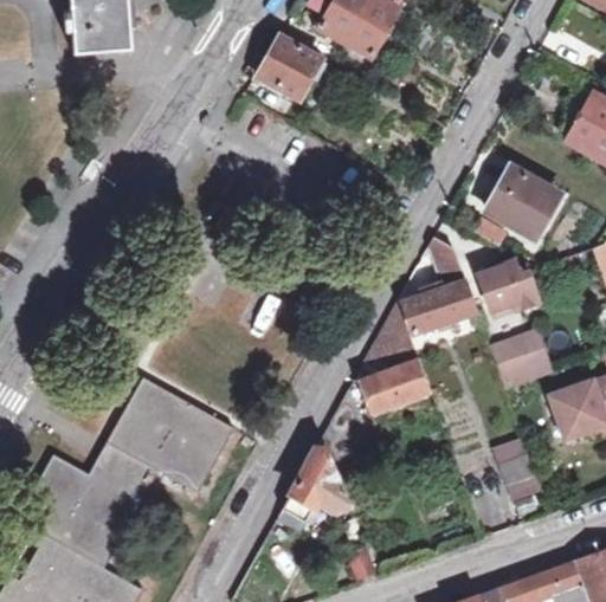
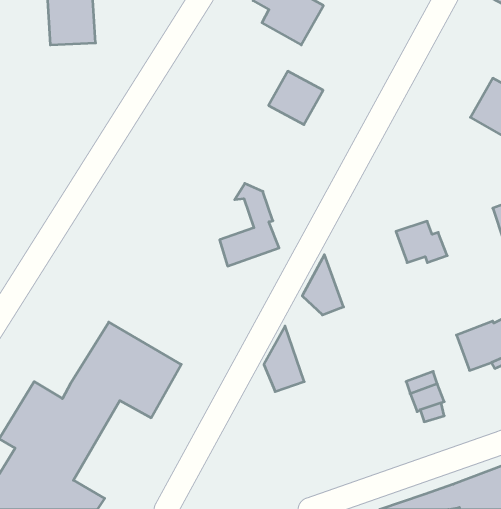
building: [258,38,322,101] -> [269,71,323,125]
building: [492,168,557,233] -> none
building: [404,238,473,335] -> [220,183,279,266]
building: [497,338,546,387] -> none
building: [361,364,426,413] -> none
building: [282,440,347,522] -> none

